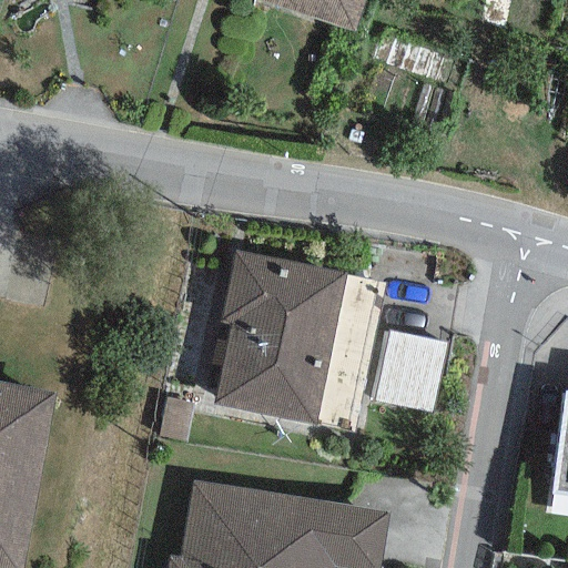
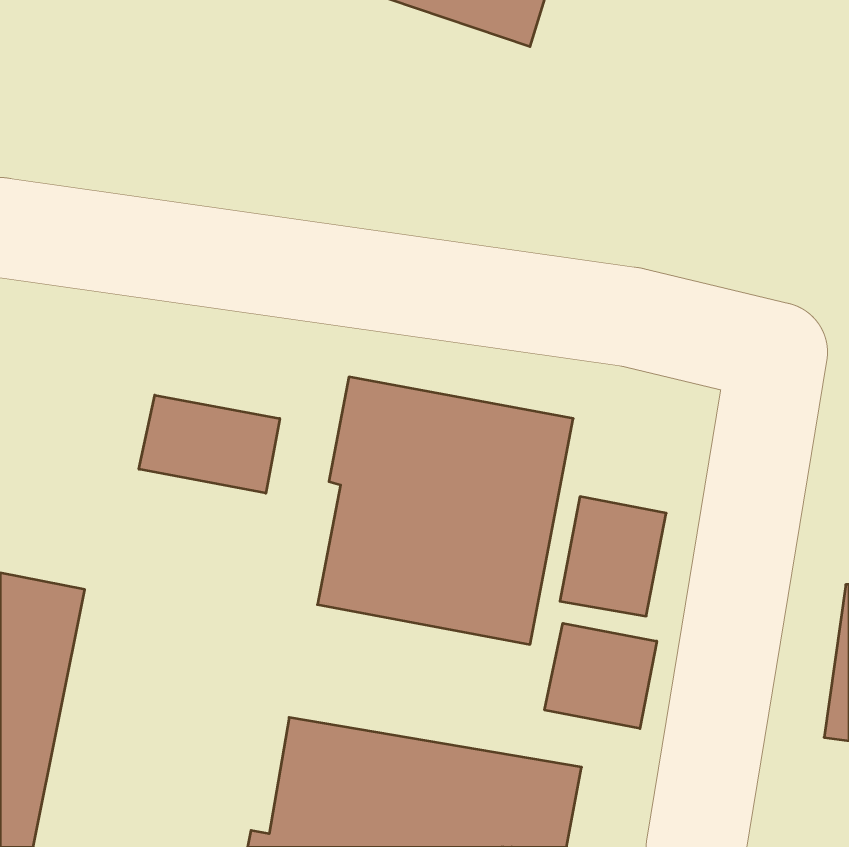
building: none -> [139,395,280,493]
building: none -> [545,623,657,729]

